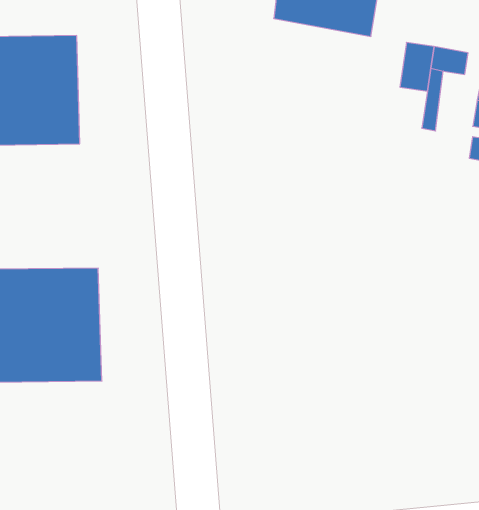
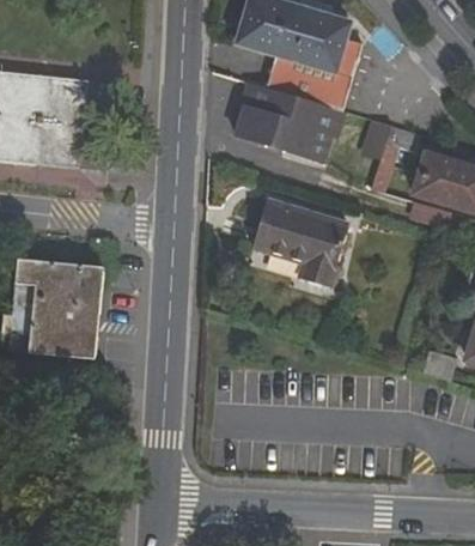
building: none -> [235,81,345,160]
building: none -> [254,200,345,286]

